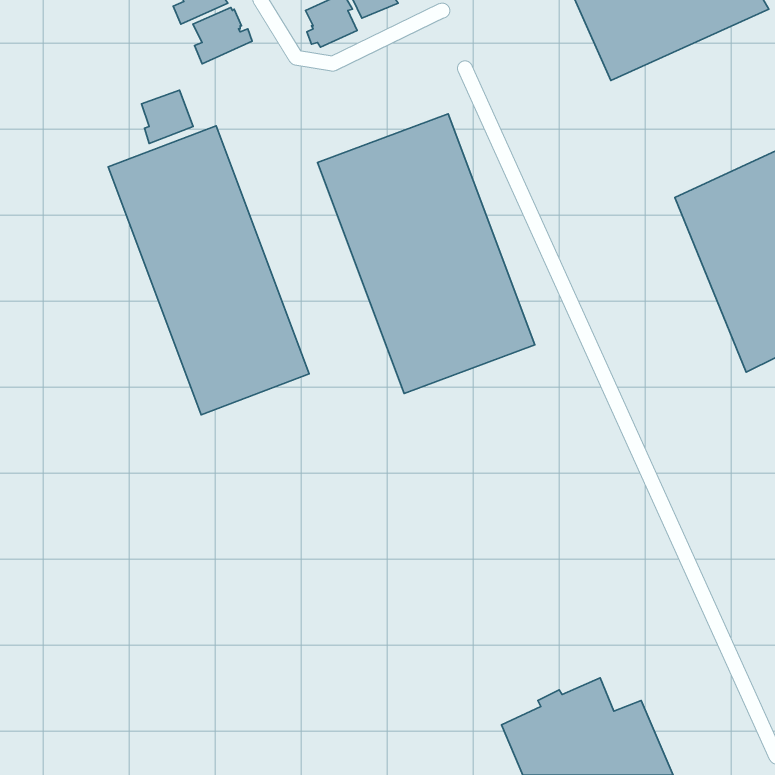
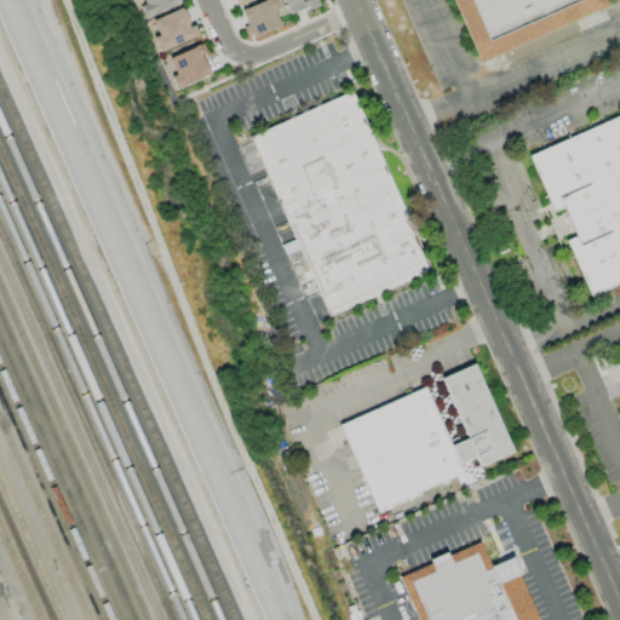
building: [141,90,193,143] -> [170,45,211,87]
building: [108,126,309,415] -> none
building: none -> [340,362,511,509]

